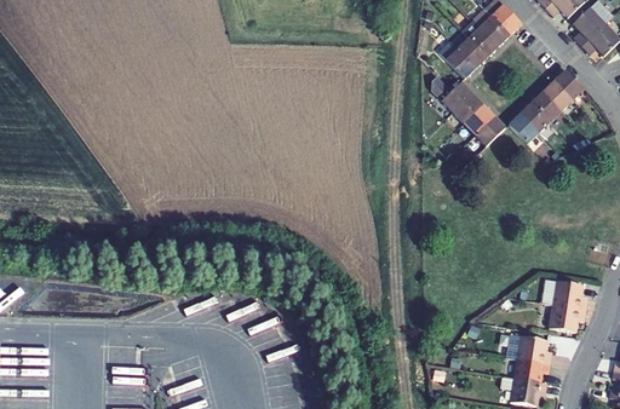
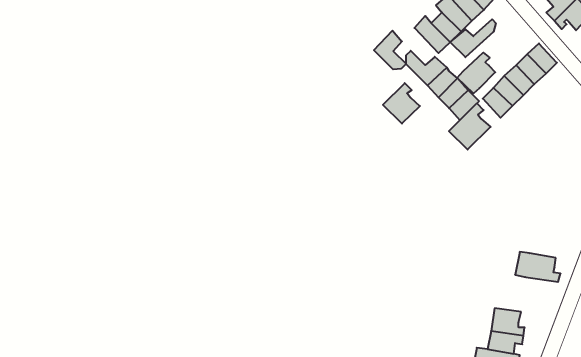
building: none -> [450,19,496,57]
building: none -> [374,31,406,69]
building: none -> [457,53,495,93]
building: none -> [383,83,420,124]
building: none -> [449,103,491,150]
building: [550,305,586,333] -> none

